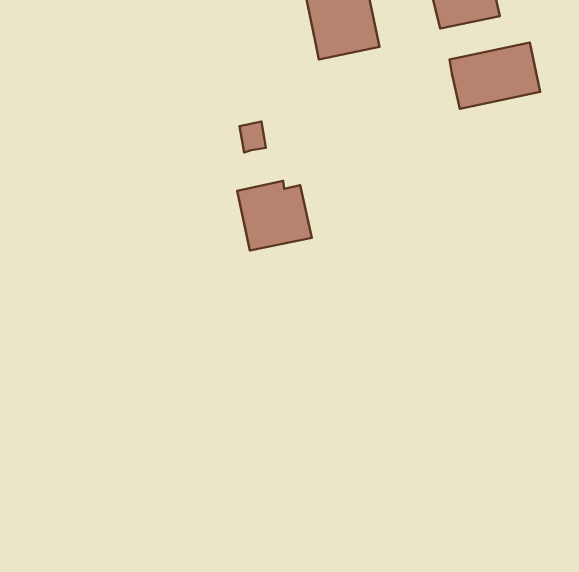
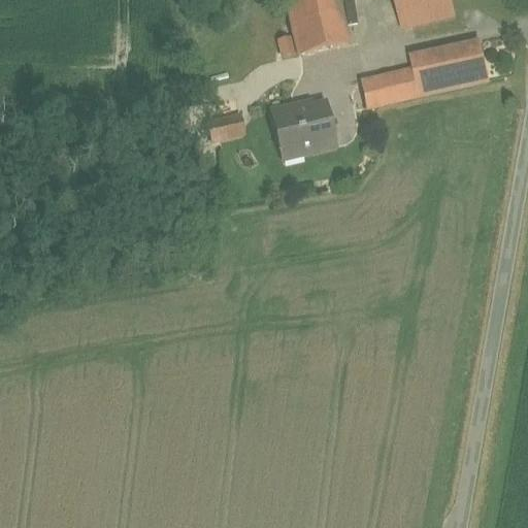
building: none -> [360,66,420,109]
building: [237,181,312,251] -> [270,94,337,157]

